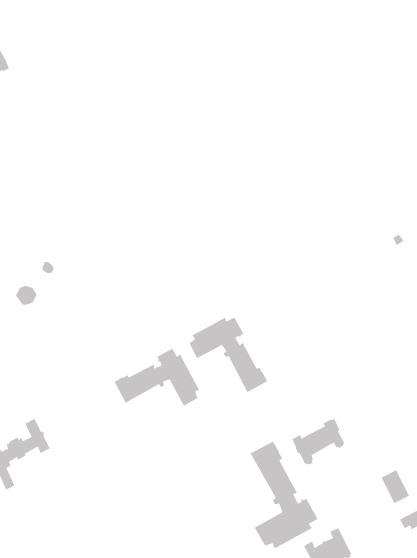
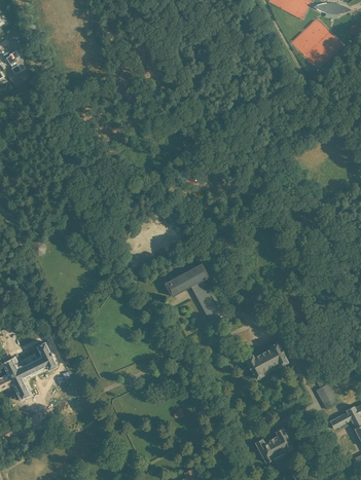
building: [114,348,200,407] -> none
building: [249,441,318,549] -> none

